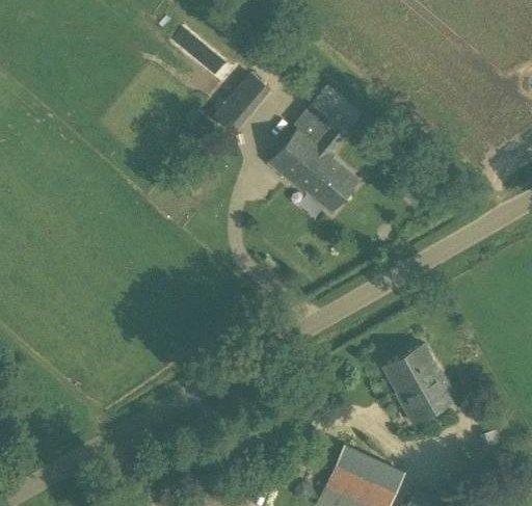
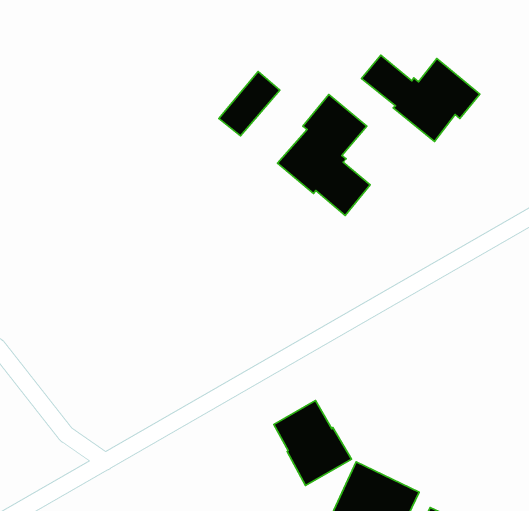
building: none -> [362,55,480,142]
building: [382,346,456,427] -> [274,400,351,485]

